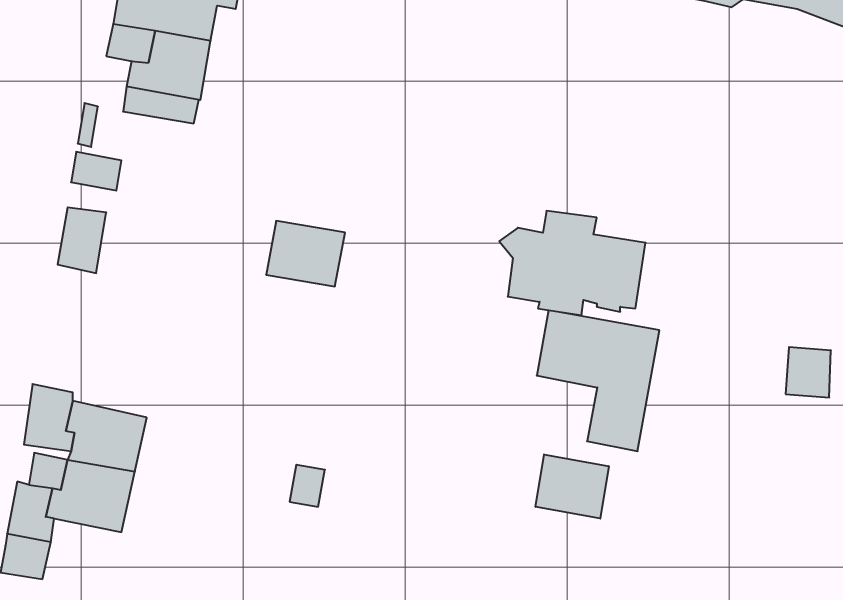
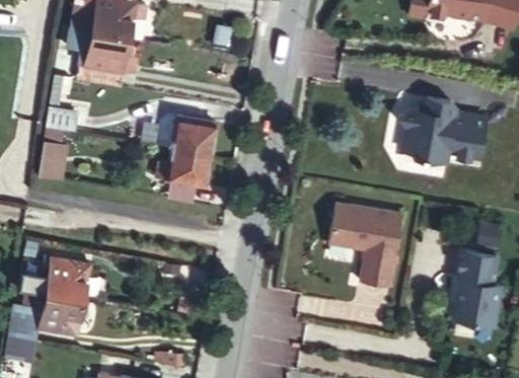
building: none -> [171,117,218,155]
building: [499,211,646,315] -> [398,100,487,163]
building: none -> [449,251,501,326]
building: [536,454,609,519] -> none

